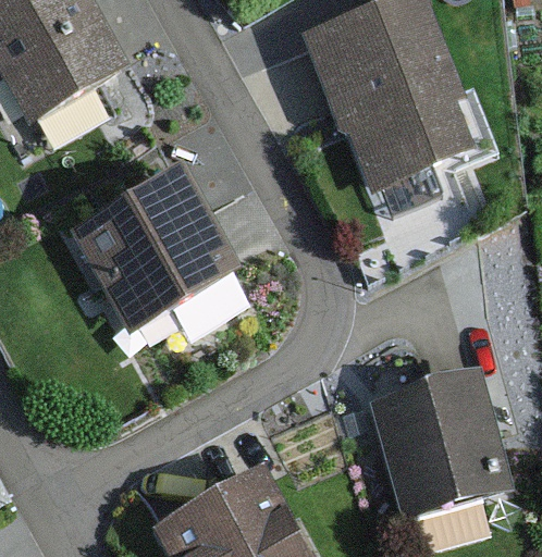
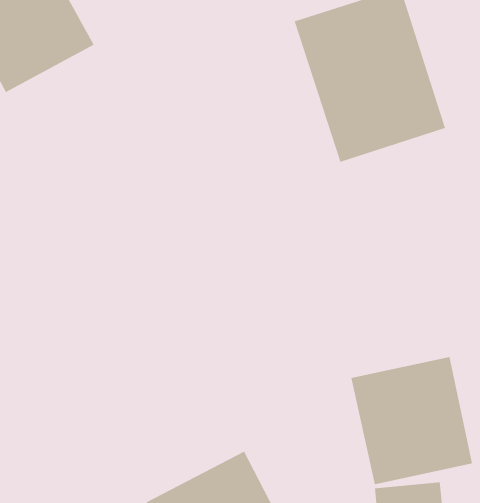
building: [88,180,232,326] -> none

